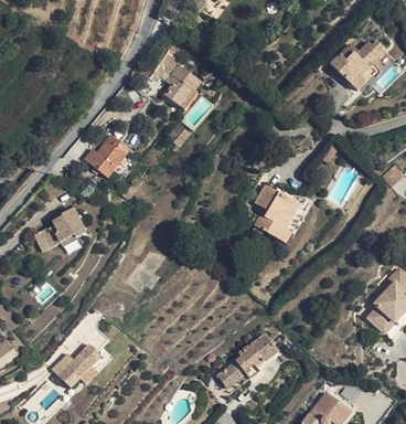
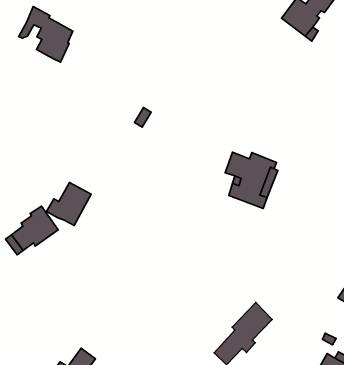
building: [148,52,201,109] -> [18,6,73,62]
building: [84,135,129,177] -> [47,183,91,226]

